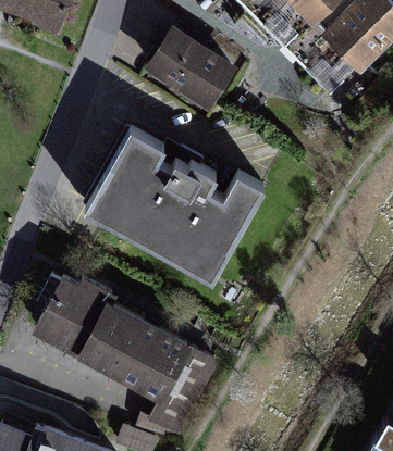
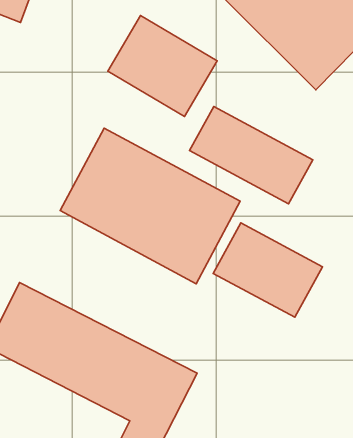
building: none -> [190,107,313,204]
building: none -> [213,223,323,317]

